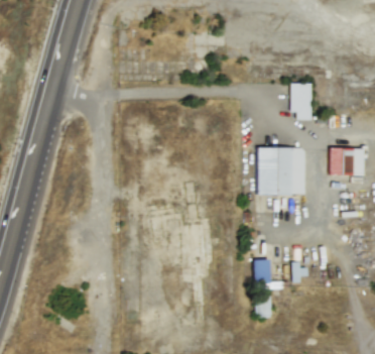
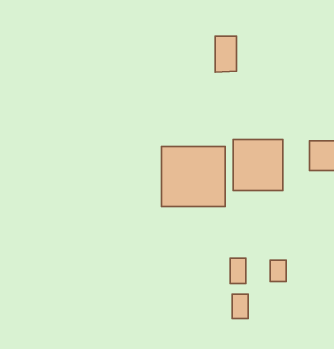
building: [290,85,310,119] -> [215,36,236,72]
building: none -> [161,146,225,207]

